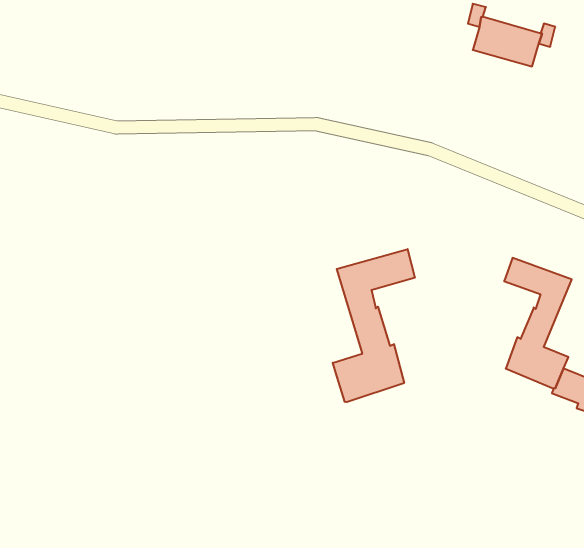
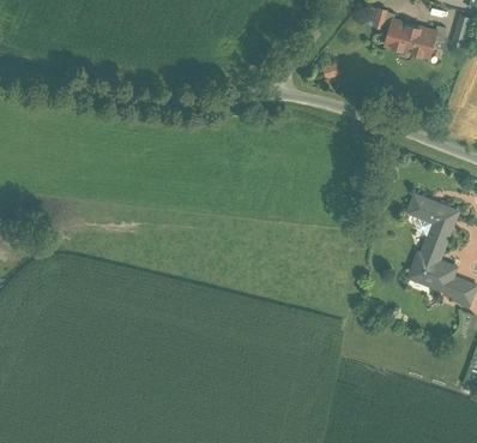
building: [333,249,415,402] -> none

